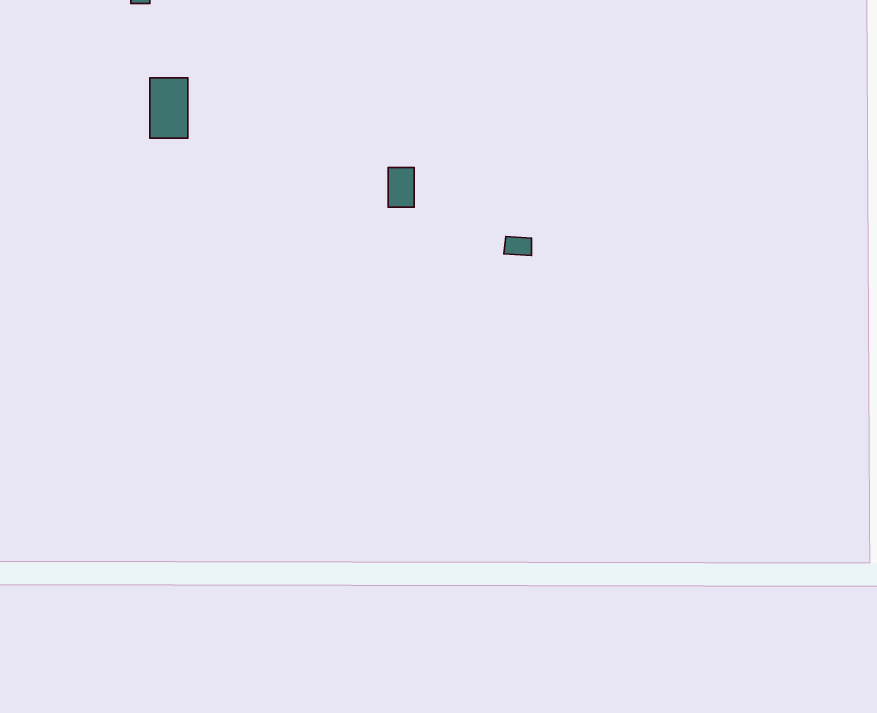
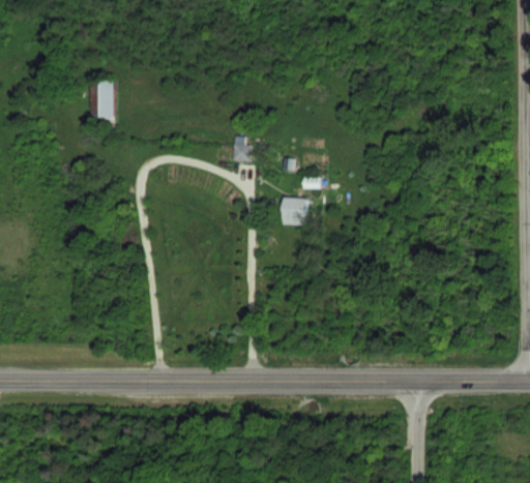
building: none -> [283,198,307,225]

